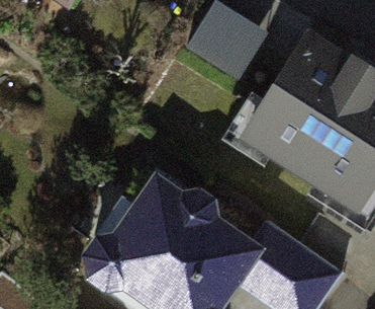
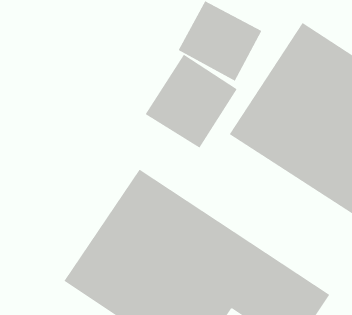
building: none -> [145,54,238,149]

